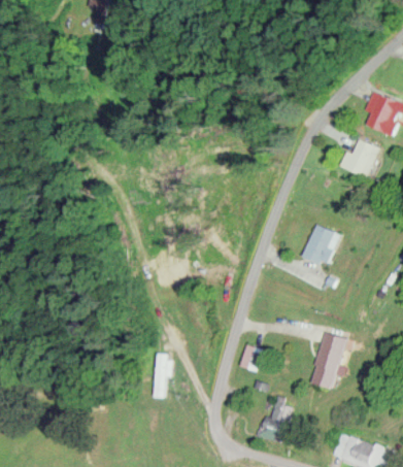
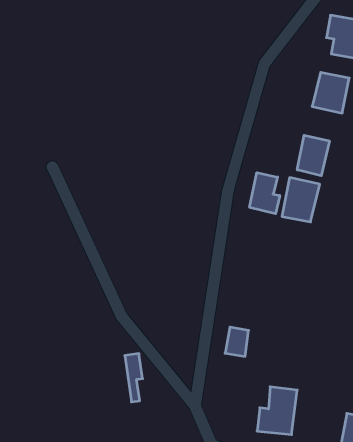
building: none -> [297,135,329,176]
building: none -> [250,173,280,214]
building: [312,331,348,390] -> none

